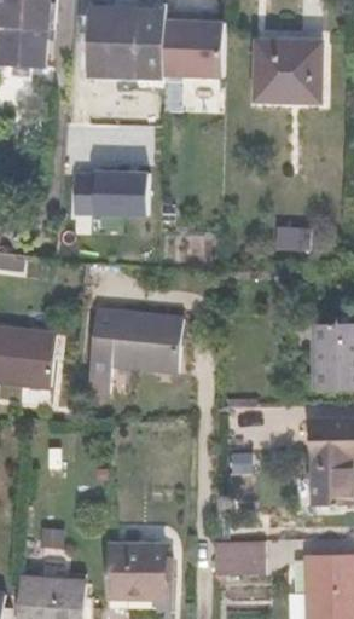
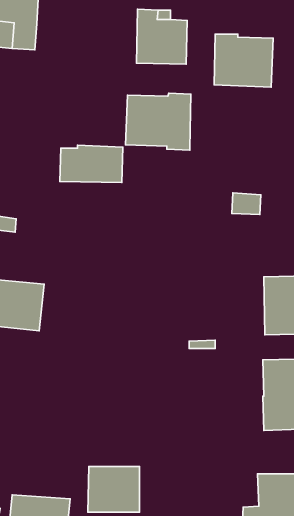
building: [88,11,164,77] -> [125,93,191,150]
building: [86,311,181,394] -> none
building: [213,542,265,577] -> none

